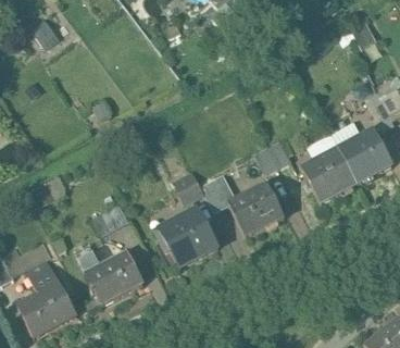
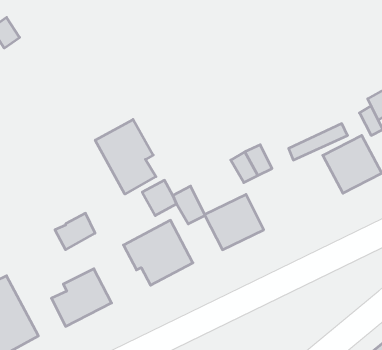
building: none -> [95,119,156,194]
building: [301,146,355,200] -> none

